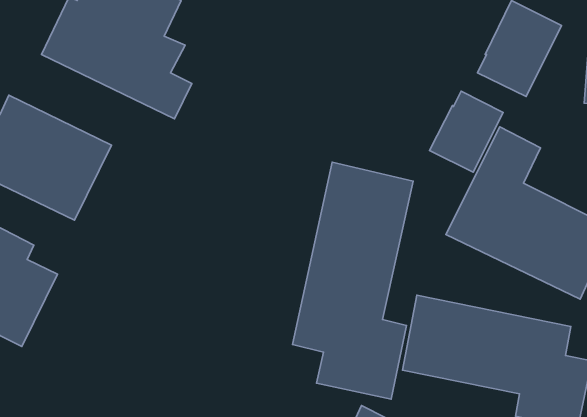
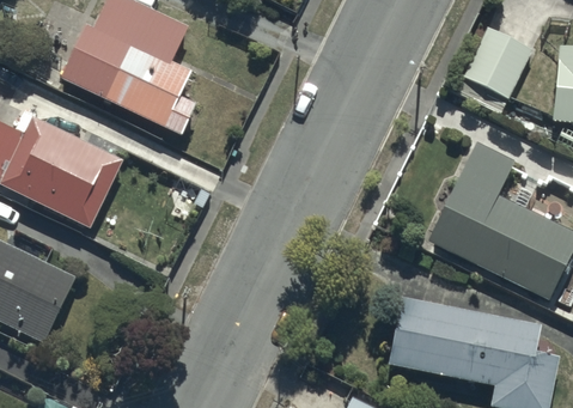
building: [430,91,503,172] -> none
building: [292,162,413,399] -> none

